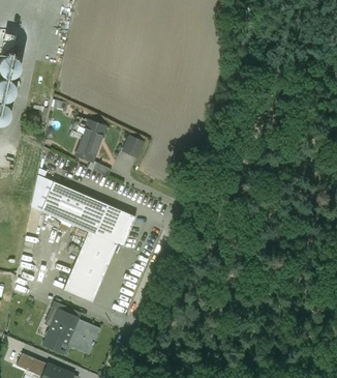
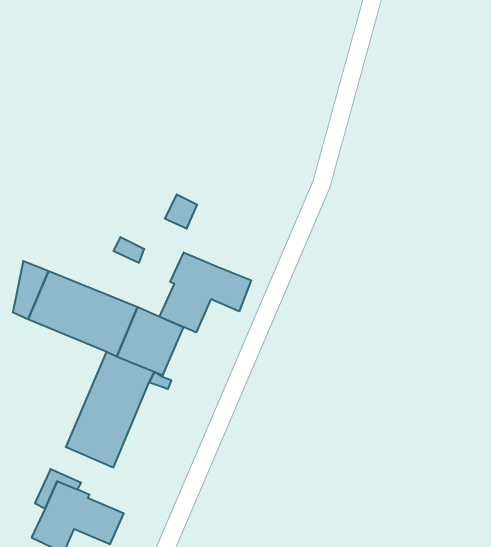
building: [72,116,106,162] -> none
building: none -> [160,252,251,332]

